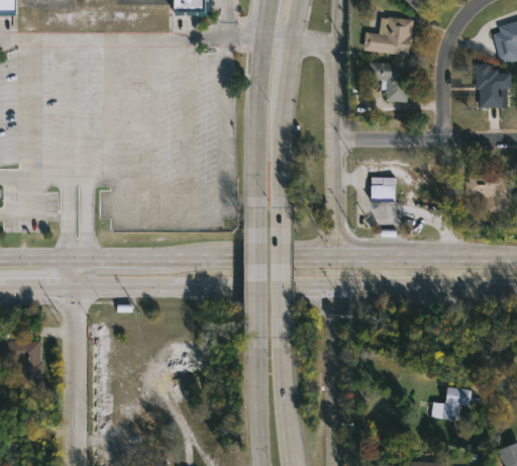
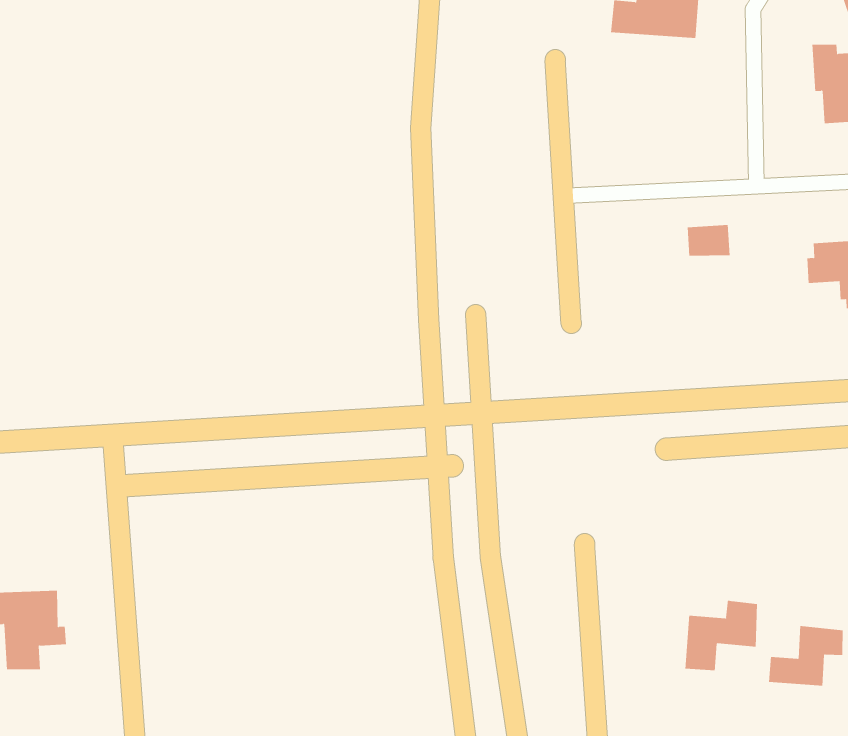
building: [369,62,409,102] -> none
building: [372,185,395,202] -> [687,225,730,256]
building: none -> [685,600,758,671]

